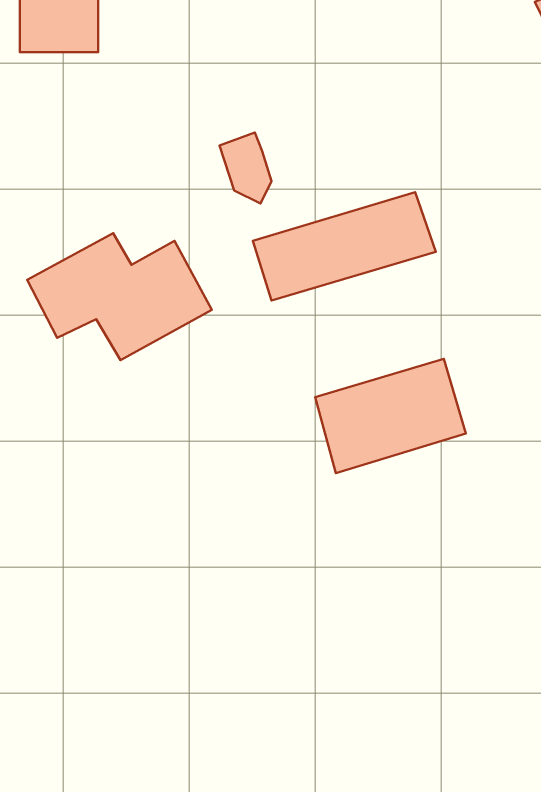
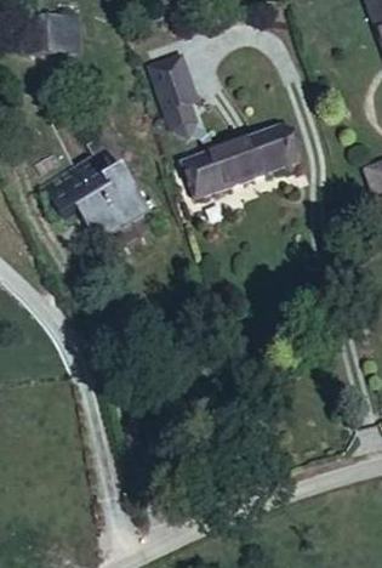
building: none -> [147,52,195,102]
building: [315,359,466,473] -> none

